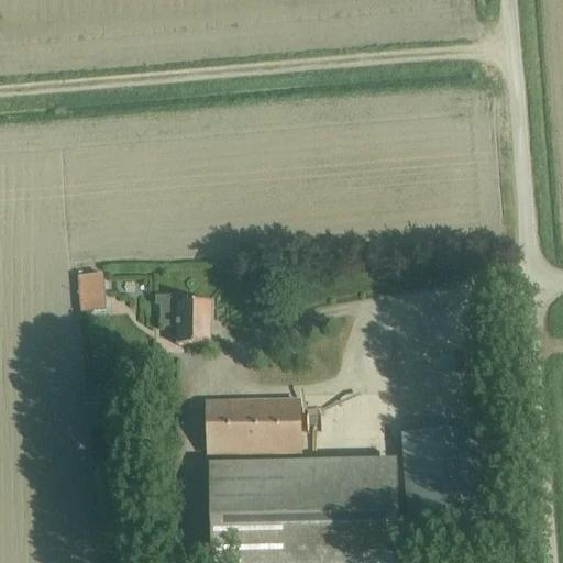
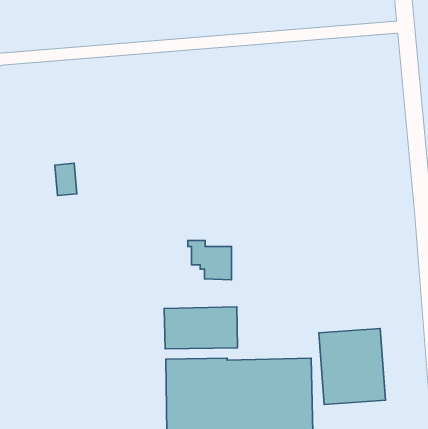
building: [76,266,103,307] -> [55,163,77,196]
building: [155,291,210,341] -> [188,240,232,280]

